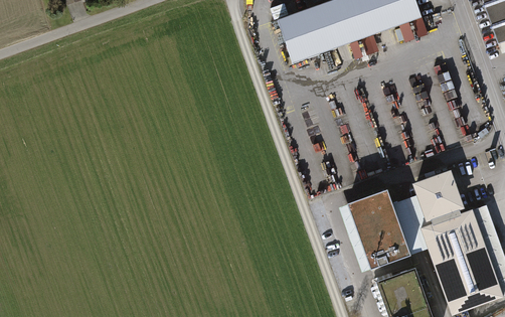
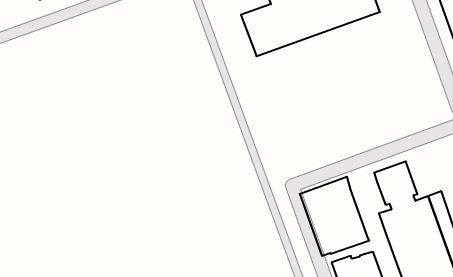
building: [392,193,435,253] -> none

